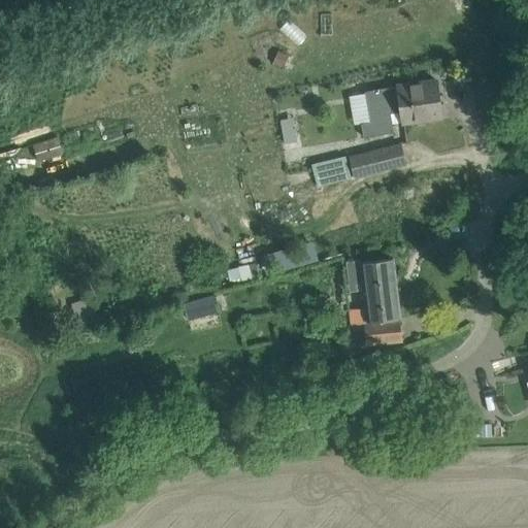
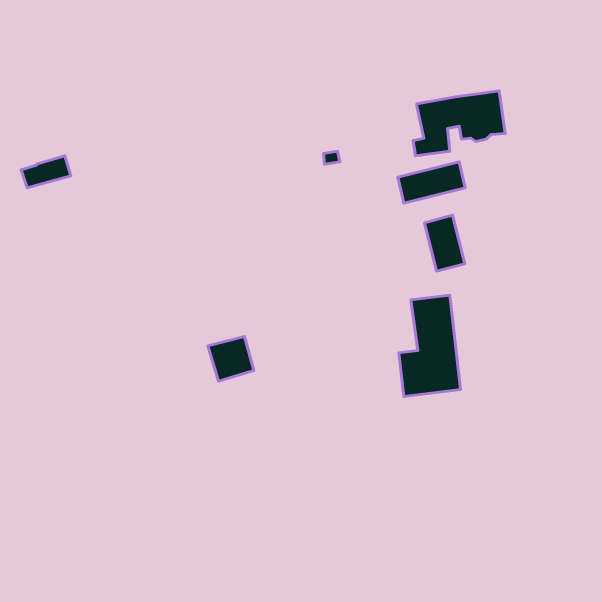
building: [310,156,351,188] -> none
building: none -> [424,215,465,271]

